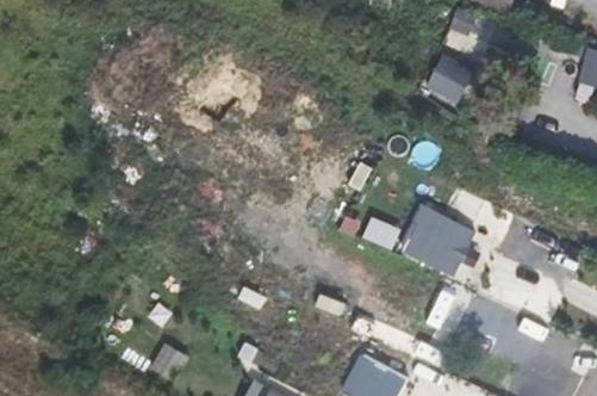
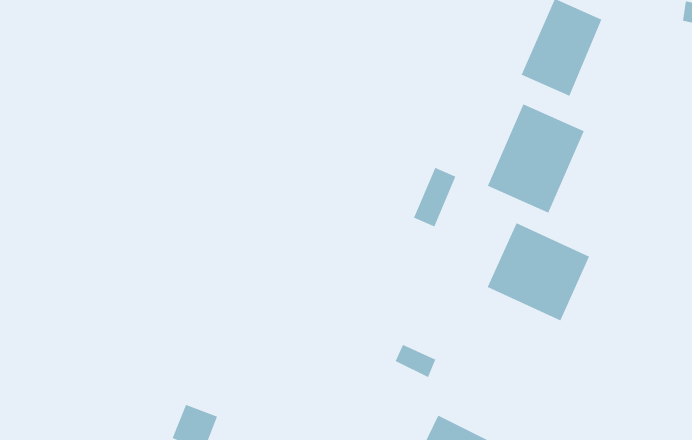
building: none -> [487,103,585,213]

